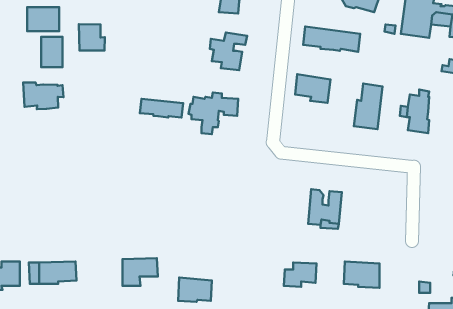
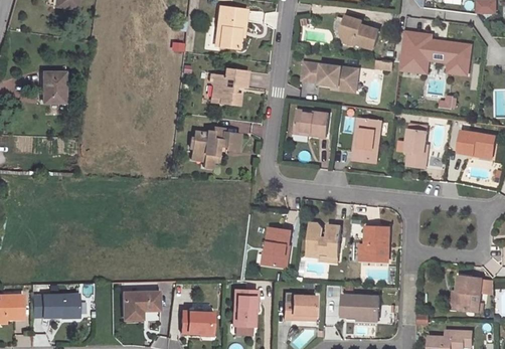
building: [27,7,59,31] -> none
building: [79,24,105,51] -> none
building: [23,83,64,109] -> none
building: [140,99,183,118] -> none
building: none -> [266,227,291,268]
building: none -> [367,227,391,260]
building: none -> [231,291,256,326]

